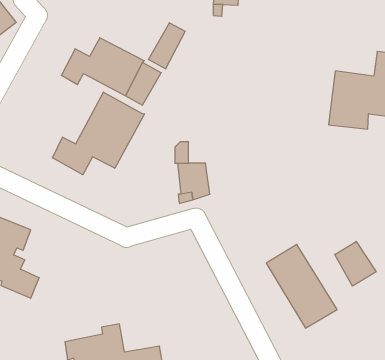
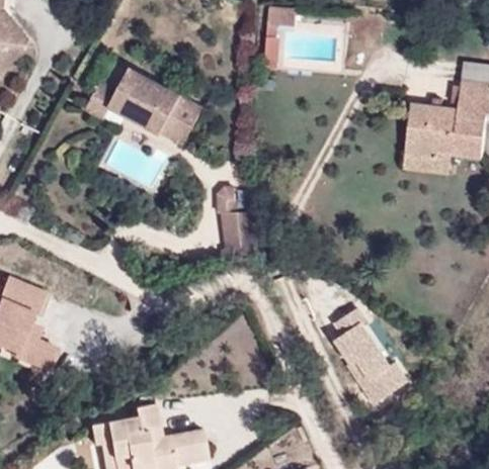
building: [148,23,185,69] -> none
building: [52,92,144,175] -> none
building: [335,241,376,286] -> none

